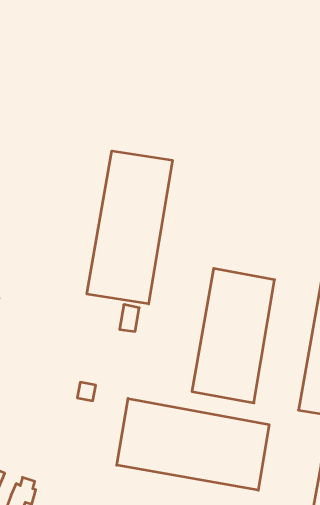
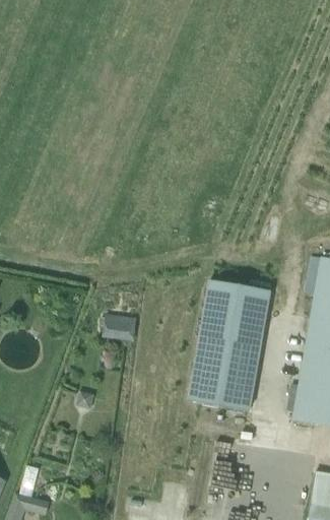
building: [87,151,172,304] -> none
building: [117,398,269,490] -> none

